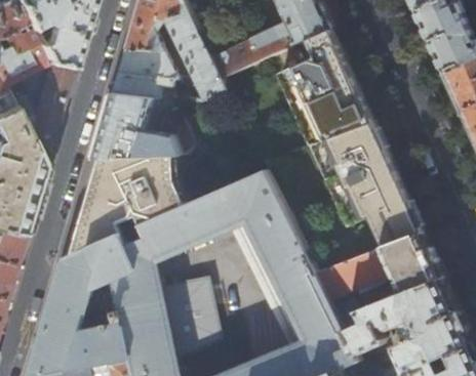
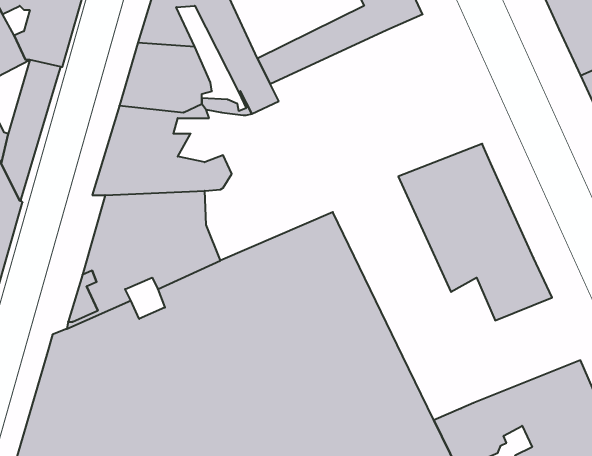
building: [277,28,370,144] -> none
building: [313,232,441,320] -> none

